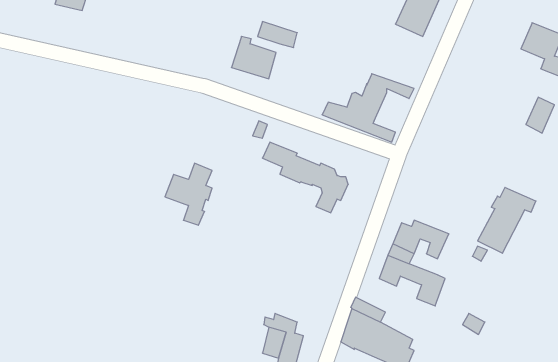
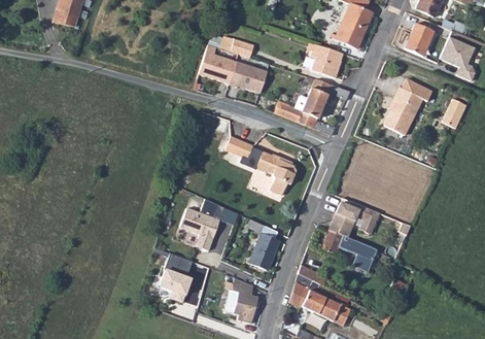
building: none -> [405,24,434,57]
building: none -> [311,44,343,78]
building: none -> [229,62,267,93]
building: [165,163,212,225] -> [180,199,219,250]
building: [478,187,536,253] -> [383,80,431,135]
building: none -> [244,218,279,270]
building: none -> [158,252,192,303]

